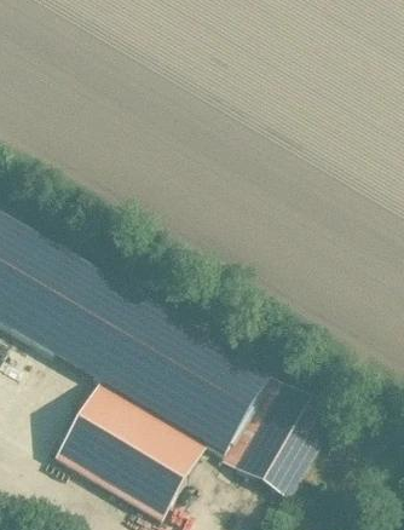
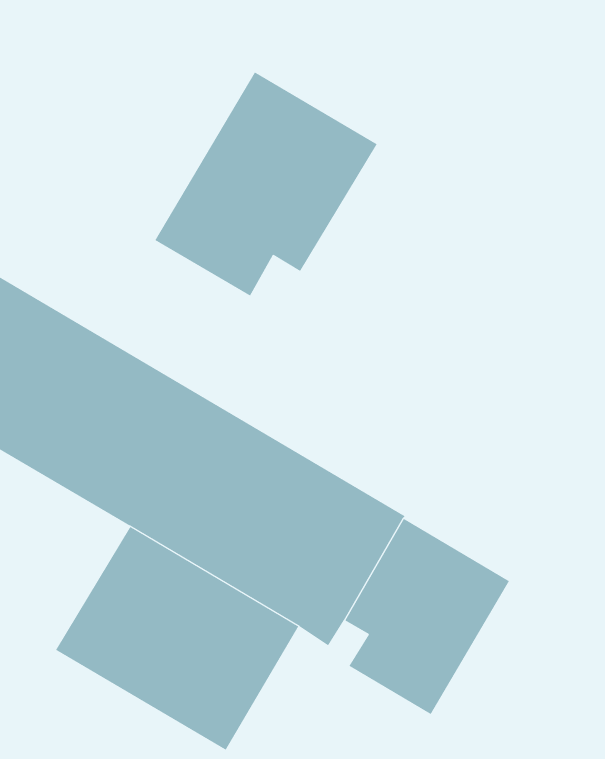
building: none -> [155,72,378,297]

